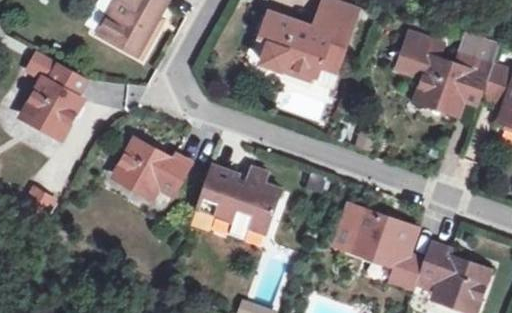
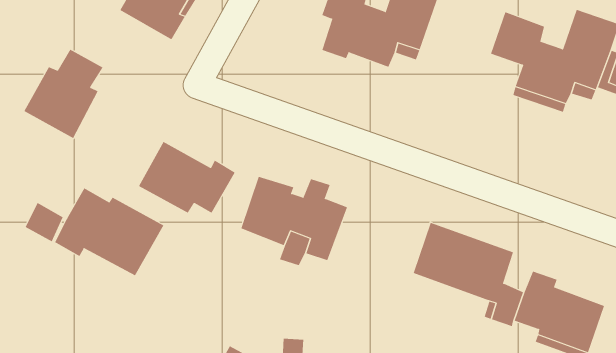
building: none -> [55,188,164,276]

